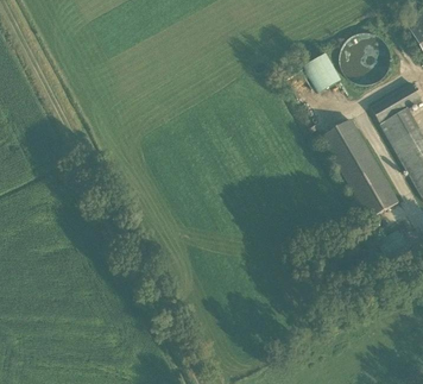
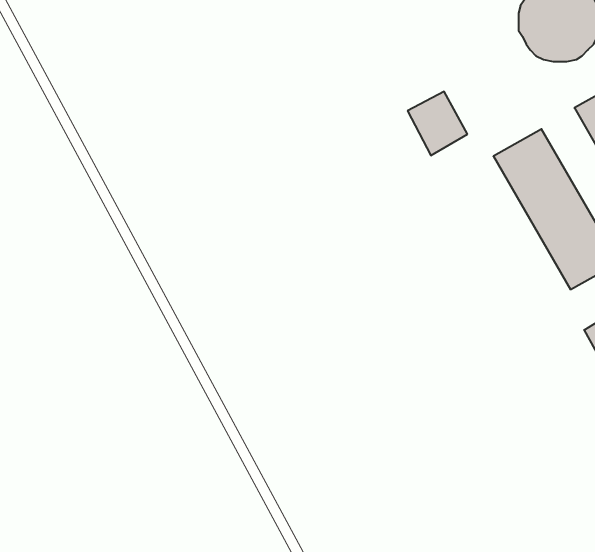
building: [303,53,340,93] -> [408,92,467,155]

